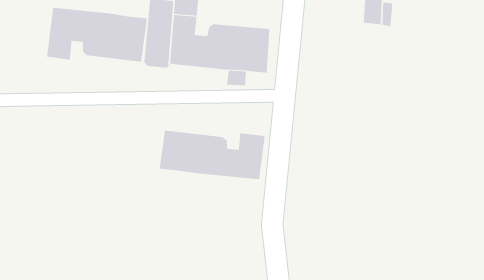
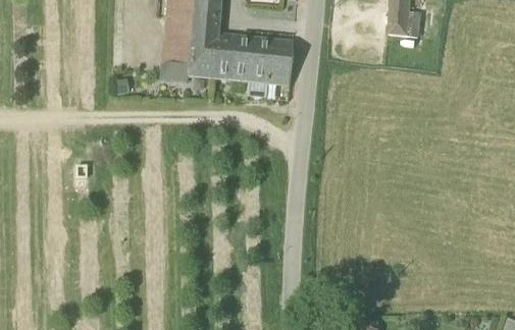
building: [46,7,148,62] -> none
building: [159,130,265,180] -> none

